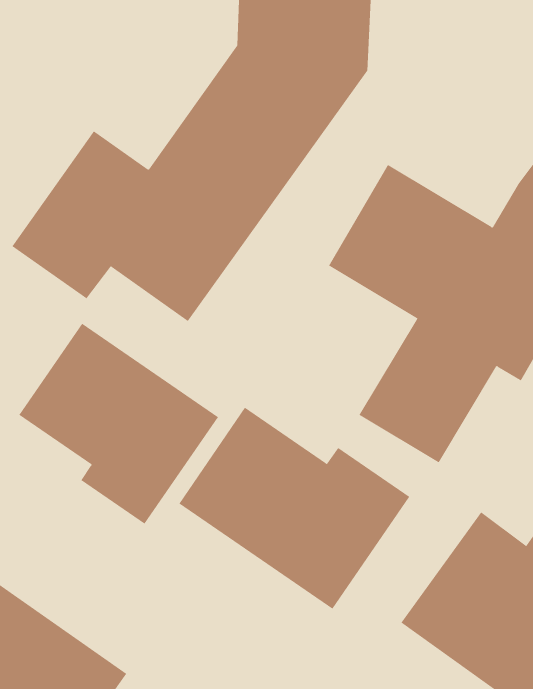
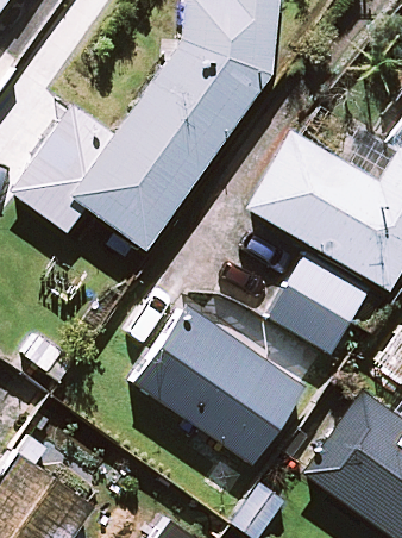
building: [19,323,219,524] -> none

